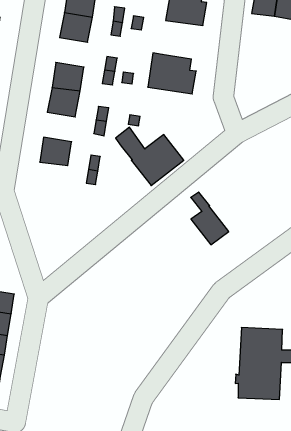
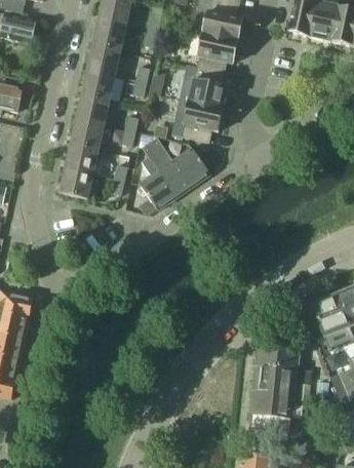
building: none -> [194,32,236,72]
building: none -> [87,43,120,74]
building: none -> [170,98,222,141]
building: none -> [71,117,104,148]
building: none -> [60,166,93,198]
building: [191,192,229,245] -> [139,155,175,208]

